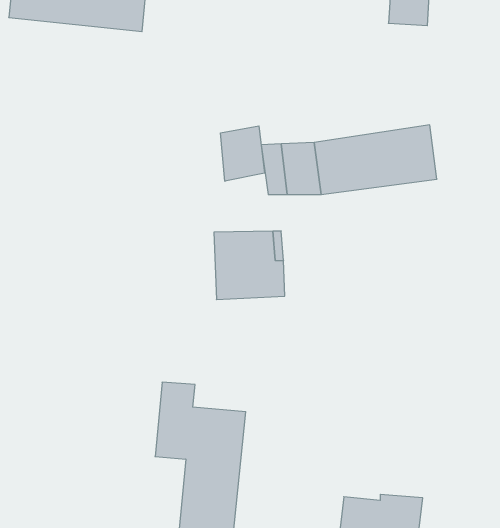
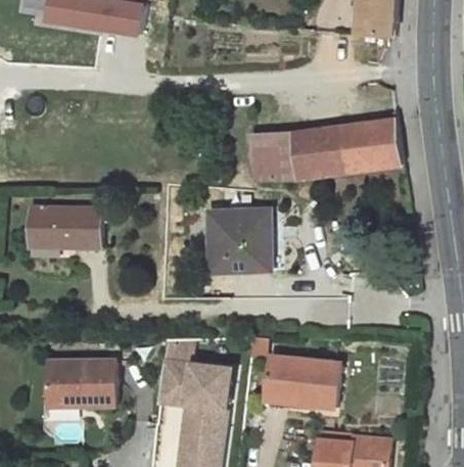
building: [221,126,264,181] -> none
building: none -> [29,209,99,246]
building: none -> [265,353,335,410]
building: none -> [47,358,114,403]

